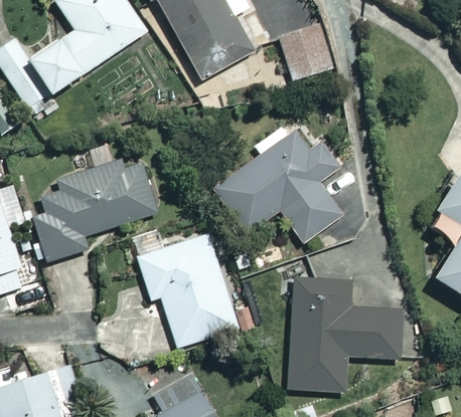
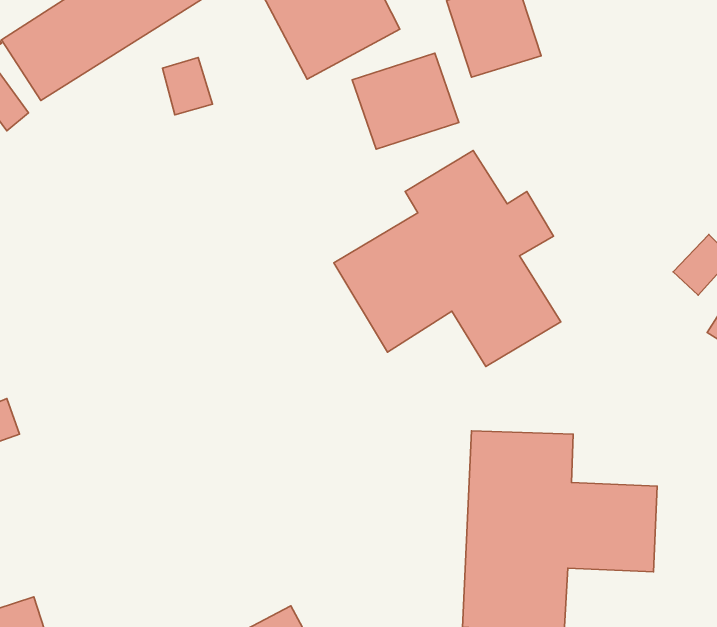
building: none -> [352,53,459,149]
building: [33,157,156,261] -> none
building: [137,234,238,348] -> none

